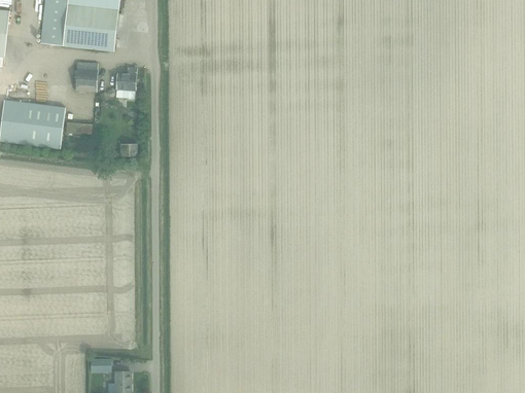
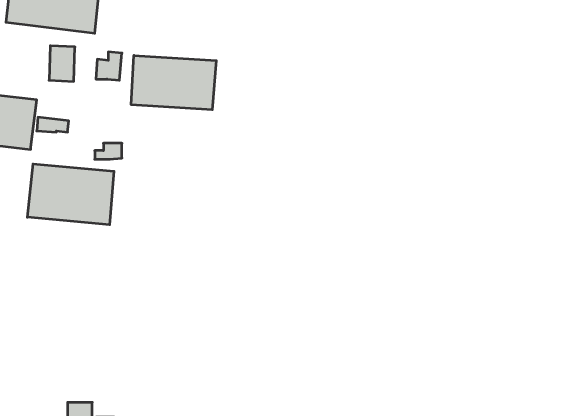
building: none -> [131,55,216,110]
building: none -> [27,164,114,225]

